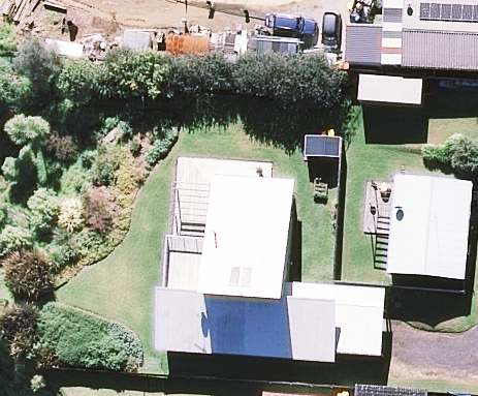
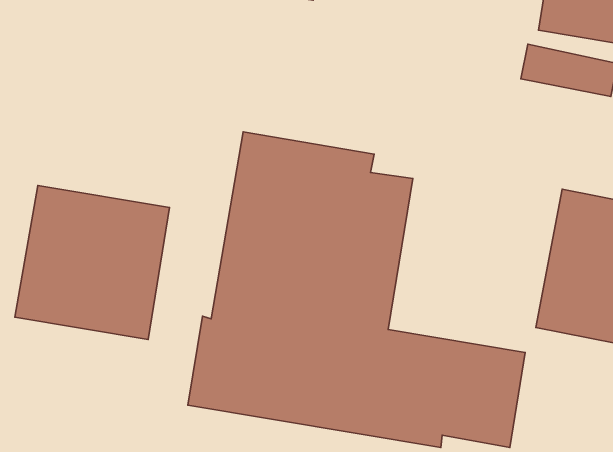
building: none -> [15,186,170,340]

